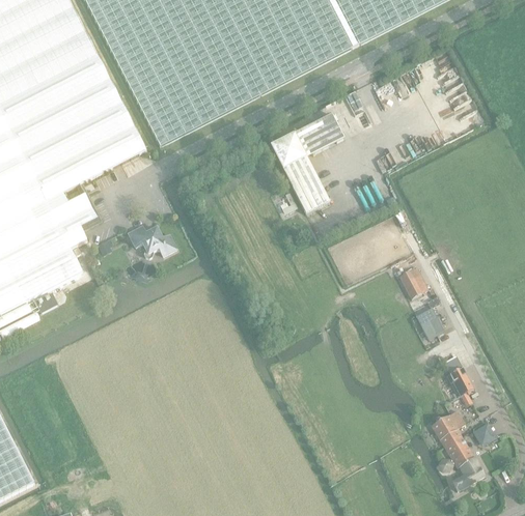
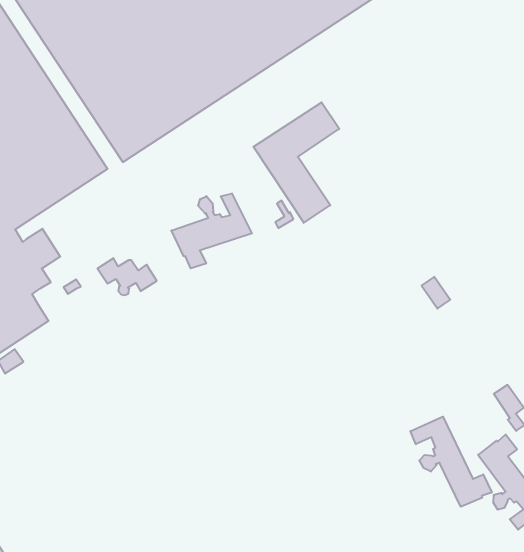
building: none -> [171,193,252,268]
building: [417,310,444,340] -> none
building: none -> [410,417,492,507]

